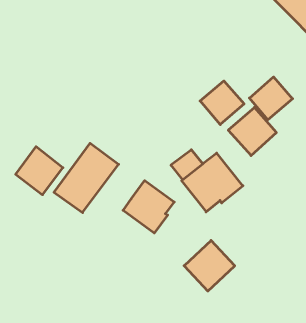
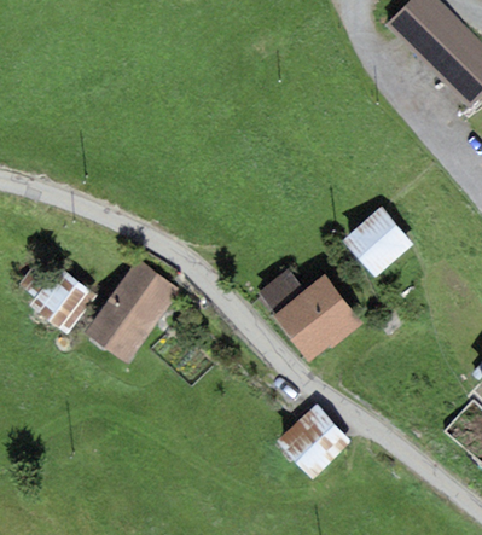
building: [249,77,293,120] -> none
building: [200,81,244,125] -> none
building: [123,181,174,233] -> none

